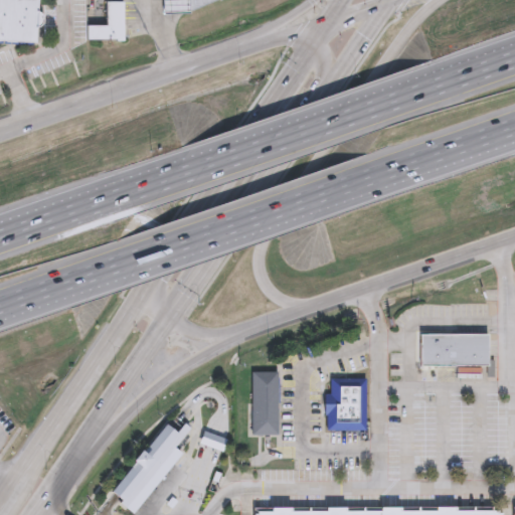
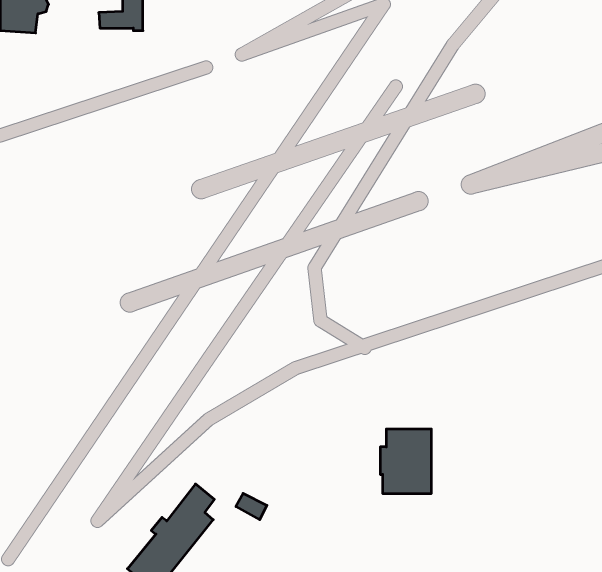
building: [420,333,488,365] -> none
building: [252,371,278,434] -> none

